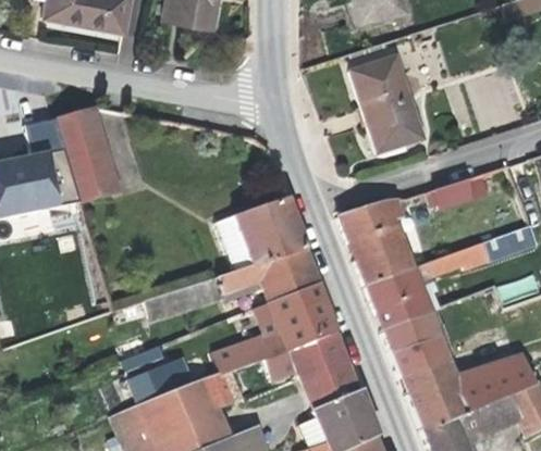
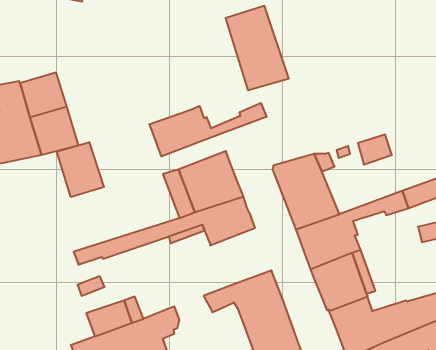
building: [354,58,425,152] -> [226,6,289,90]
building: none -> [149,103,267,157]
building: none -> [57,142,104,197]
building: [212,284,340,376] -> none

